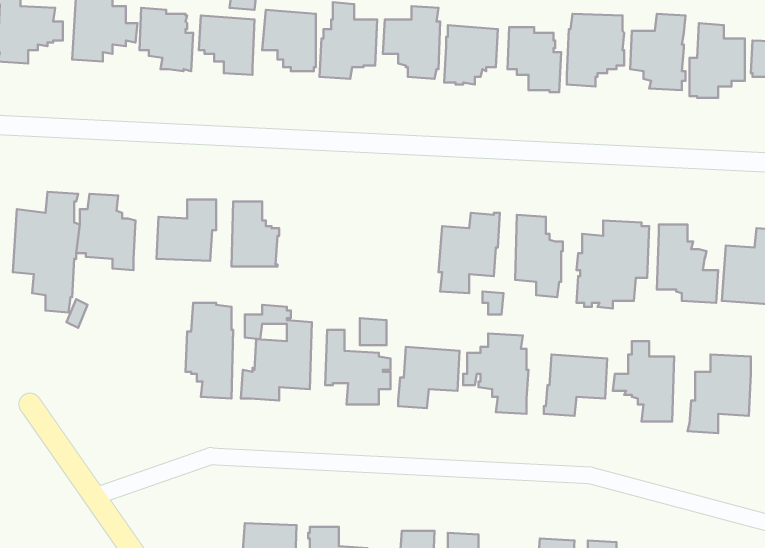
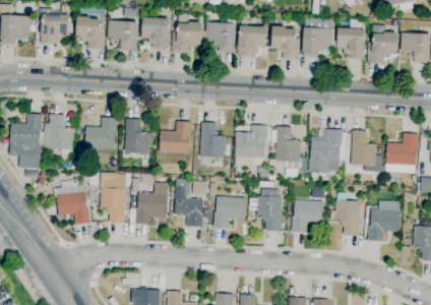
building: none -> [160,120,192,154]
building: none -> [200,122,226,157]
building: none -> [45,185,90,224]

